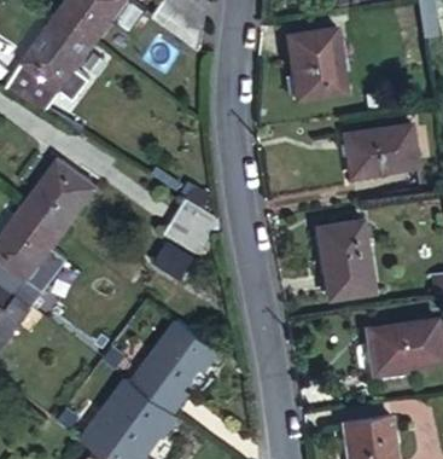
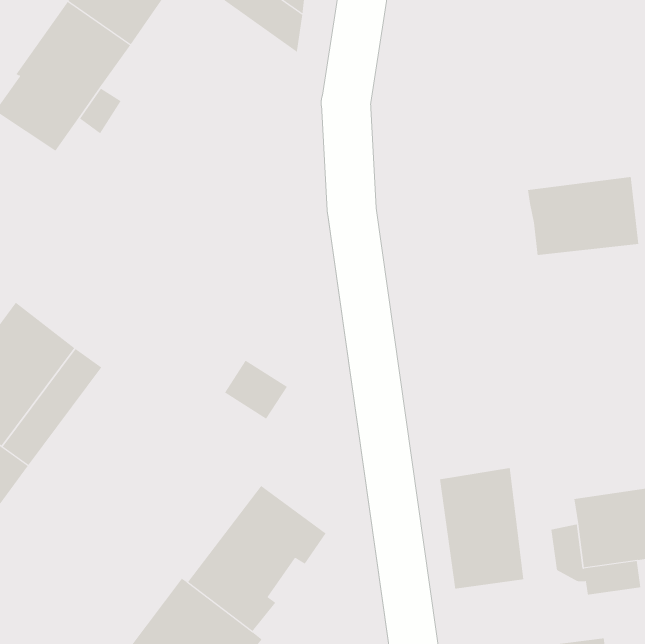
building: [291,27,349,98] -> none
building: [23,158,94,233] -> none
building: [164,196,220,252] -> none
building: [322,220,375,296] -> [439,468,524,589]

